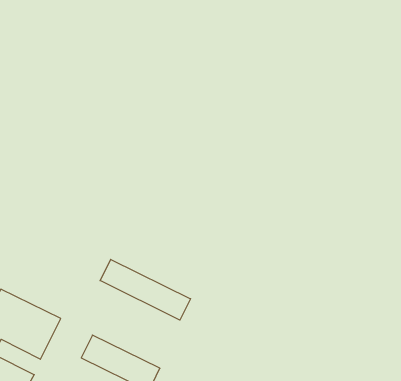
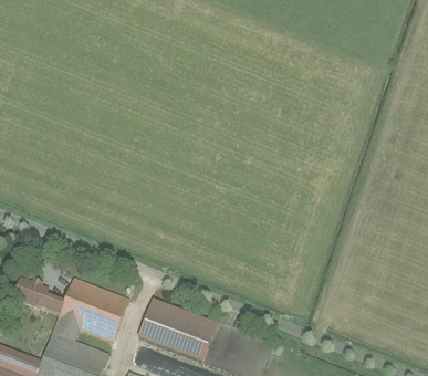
building: [100,259,191,320] -> none

